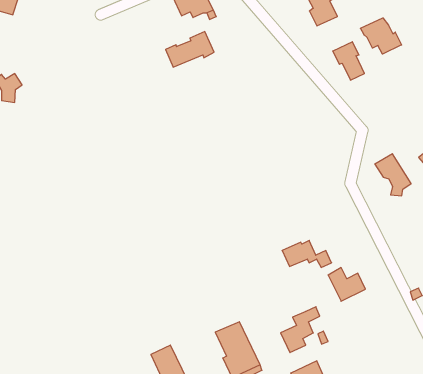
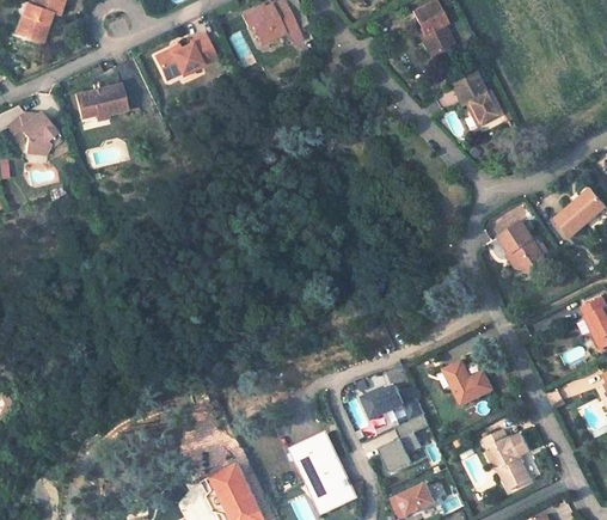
building: [360,18,402,54] -> none
building: [166,32,214,67] -> [154,36,216,81]
building: none -> [73,87,123,120]
building: [282,240,332,267] -> [362,385,425,420]
building: none -> [482,426,529,481]

